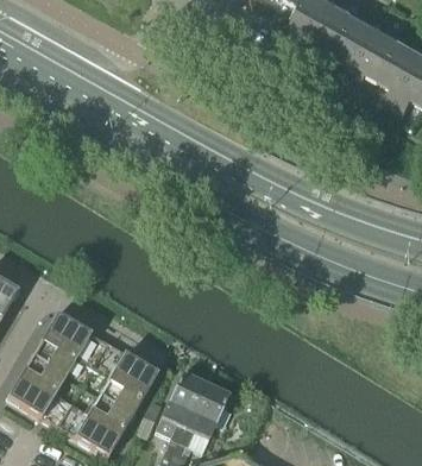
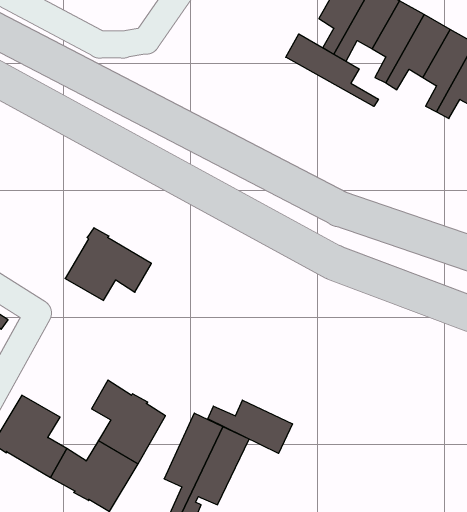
building: none -> [286,34,378,106]
building: [33,311,108,374] -> [65,228,151,300]
building: none -> [208,400,292,453]

